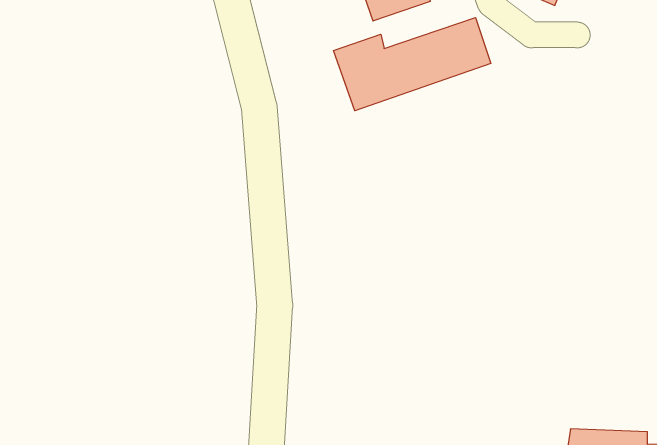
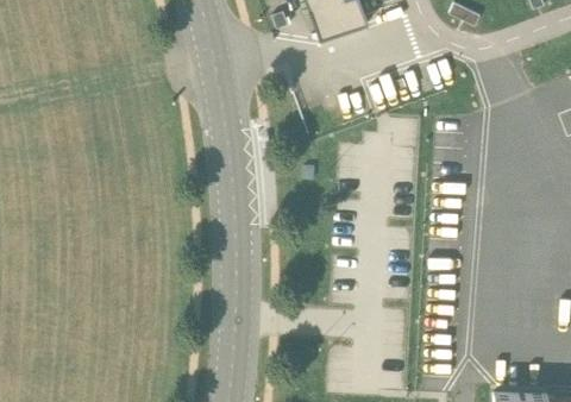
building: [334,18,491,111] -> none

